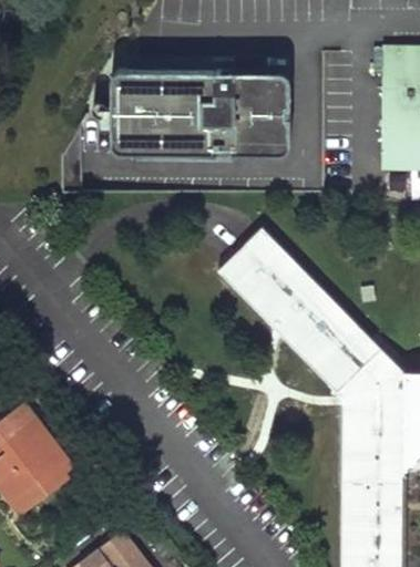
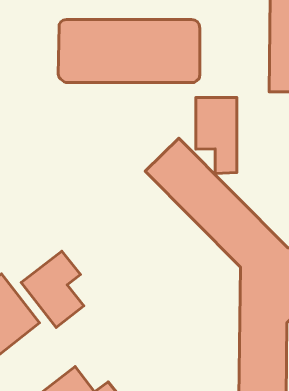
building: none -> [196,97,237,173]
building: none -> [21,251,84,327]

